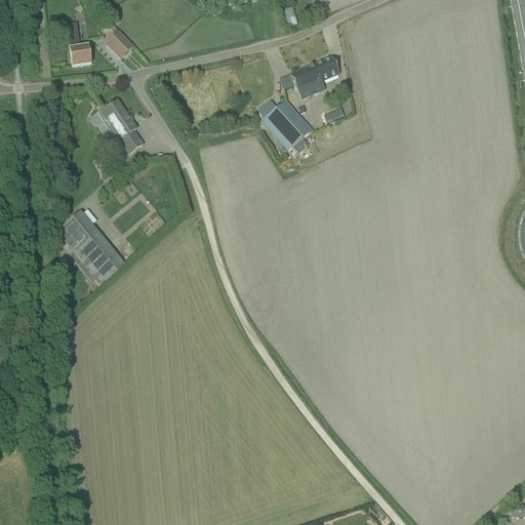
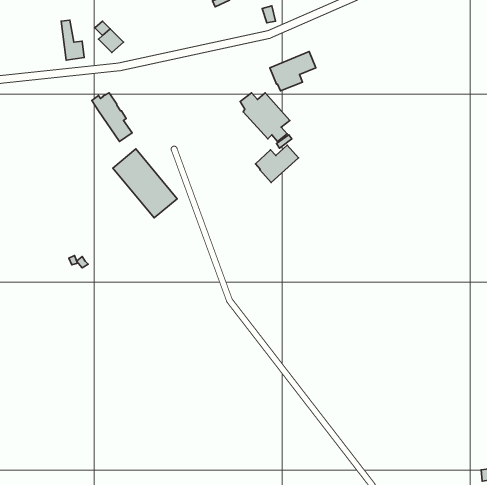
building: none -> [256,145,298,182]
building: [57,210,126,284] -> [113,149,177,218]

